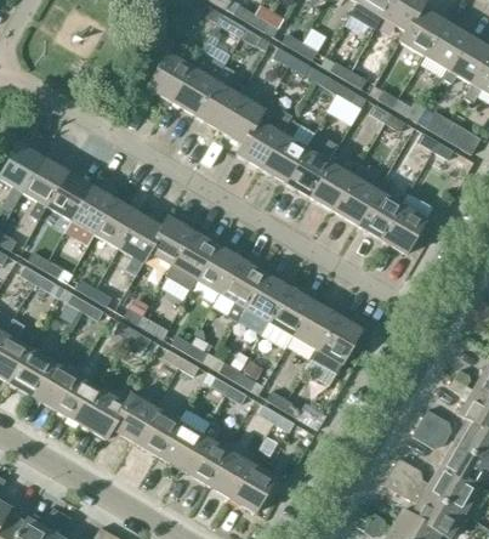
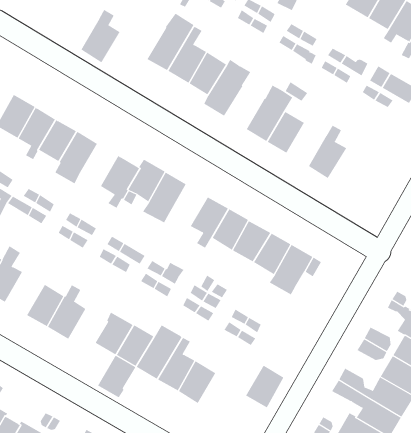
building: [146,41,192,103] -> [81,9,121,63]
building: [260,118,305,183] -> none
building: [331,165,376,226] -> none
building: [93,200,137,249] -> none
building: [379,205,425,255] -> none
building: [197,246,240,295] -> none
building: [7,347,52,397] -> none
building: [80,390,125,439] -> [97,355,136,398]
building: [229,464,274,514] -> [245,365,284,408]

